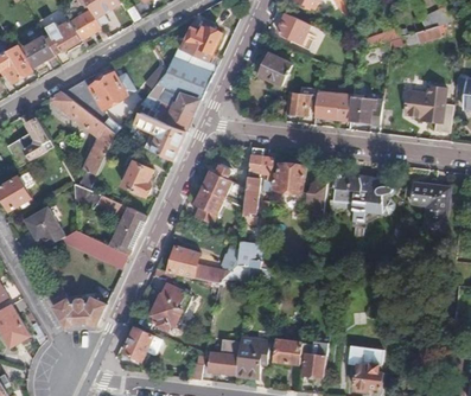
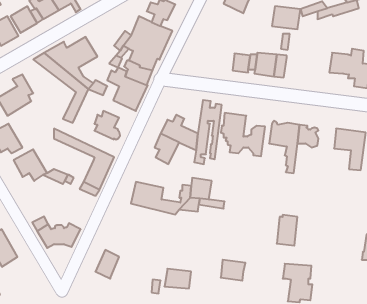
building: [257,49,292,84] -> none
building: [349,96,383,123] -> [272,6,301,29]
building: [149,283,192,330] -> none
building: [235,328,270,377] -> none
building: [301,340,326,377] -> [277,215,297,246]

